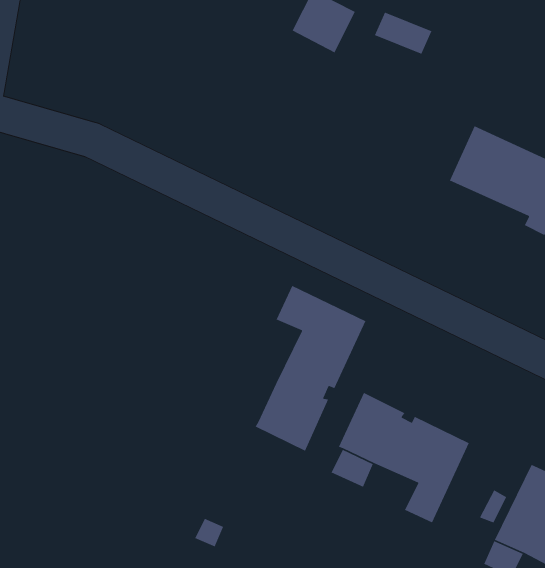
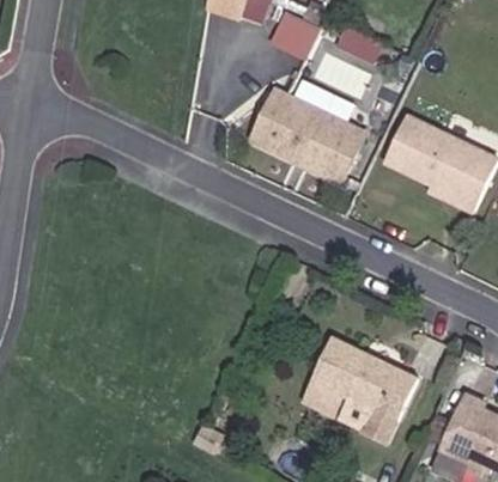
building: none -> [251,87,364,179]
building: [255,285,366,452] -> none

